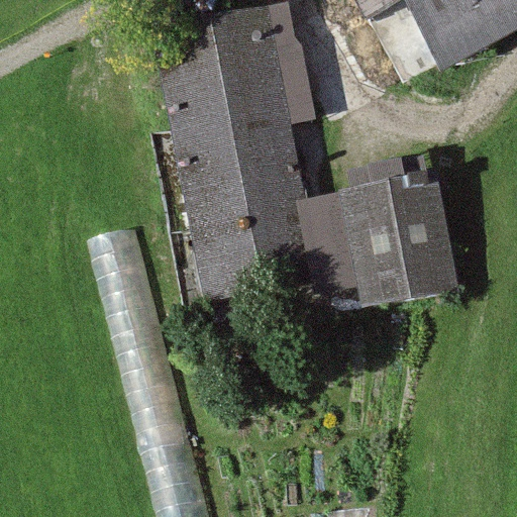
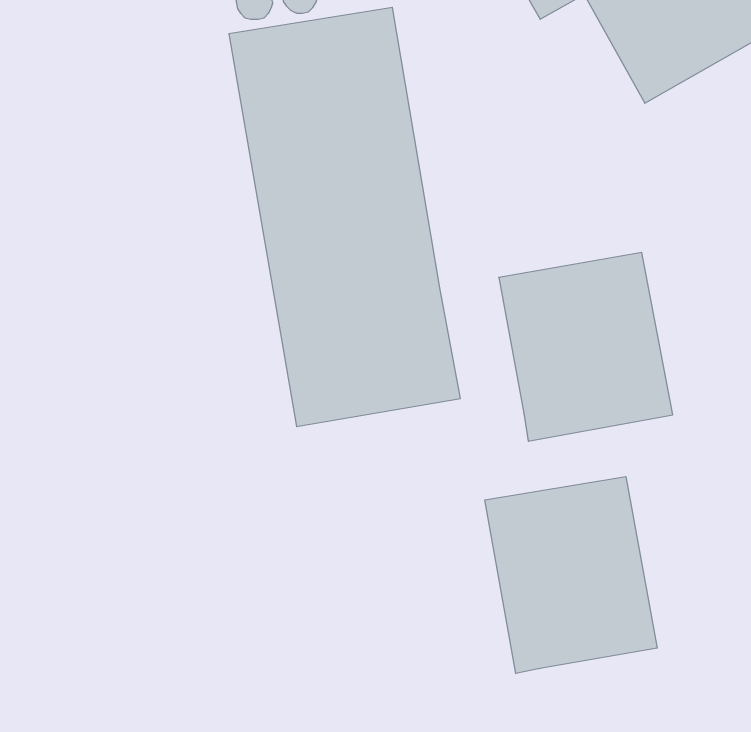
building: [303,190,360,291] -> none
building: none -> [485,477,657,674]

